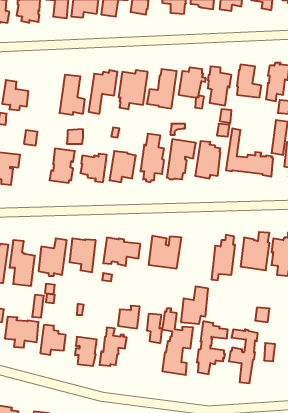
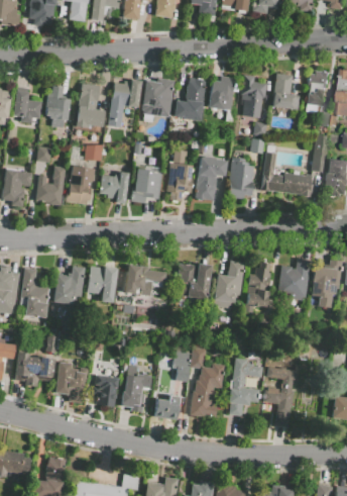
building: none -> [44,85,69,127]
building: none -> [35,166,65,205]
building: [181,287,208,324] -> [213,261,243,302]
building: [118,306,140,328] -> [154,395,179,420]

